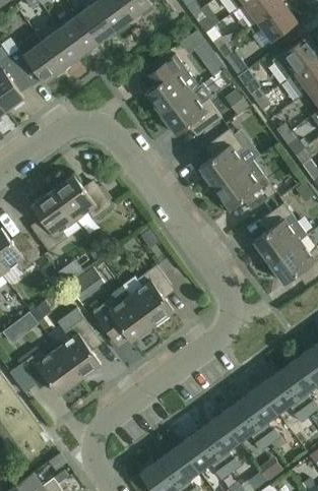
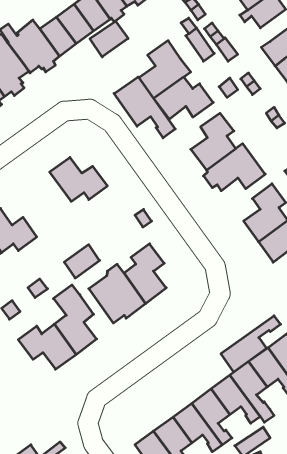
building: none -> [90,21,128,57]
building: none -> [114,77,175,138]
building: [30,191,74,252] -> none
building: none -> [221,316,281,372]

